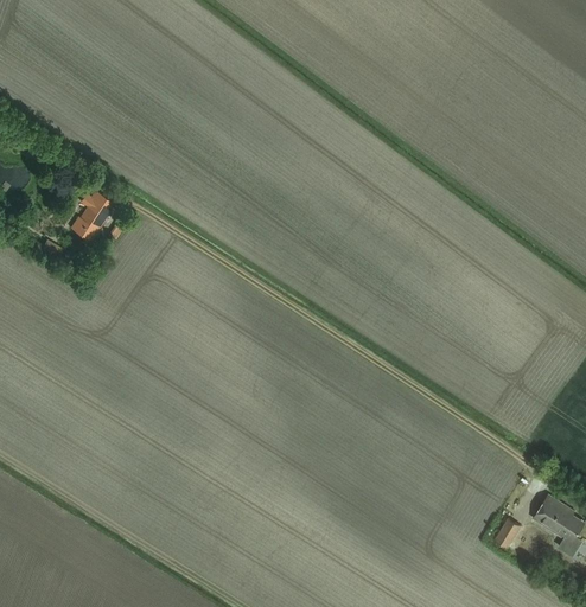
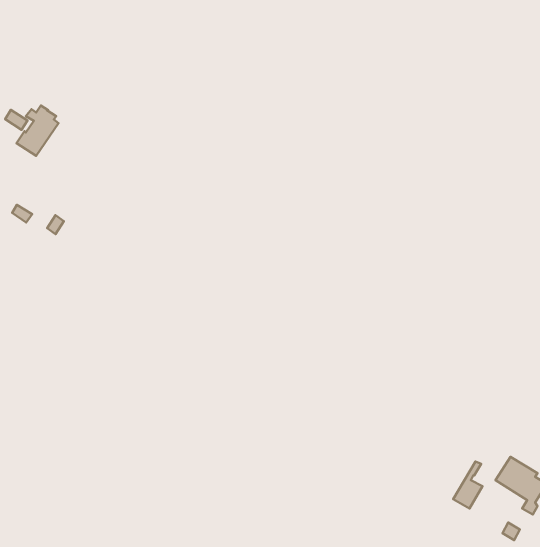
building: [71,192,114,243] -> [16,106,59,156]

